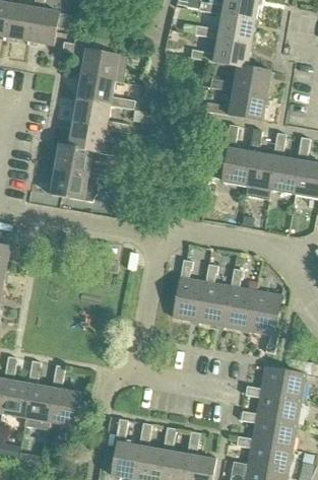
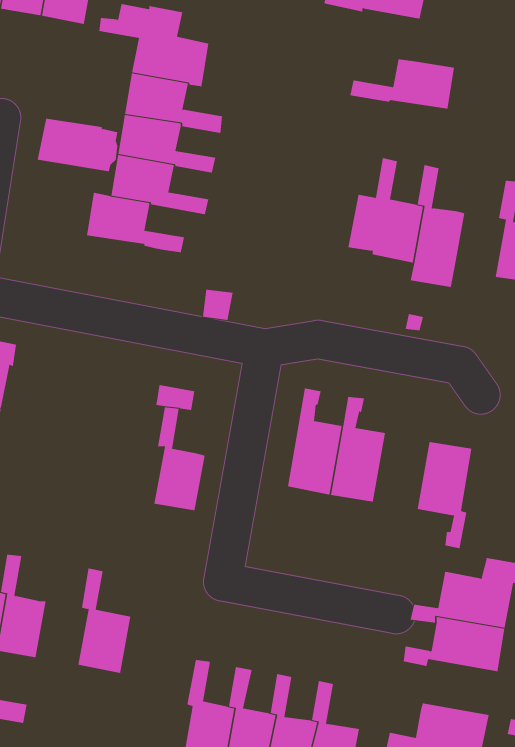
building: [189,37,250,67] -> none
building: [204,90,266,121] -> none
building: [270,132,300,194] -> none
building: [49,169,97,201] -> [37,118,118,172]
building: [222,268,255,330] -> none
building: [24,360,55,421] -> [154,407,206,511]
building: [235,418,296,451] -> none

